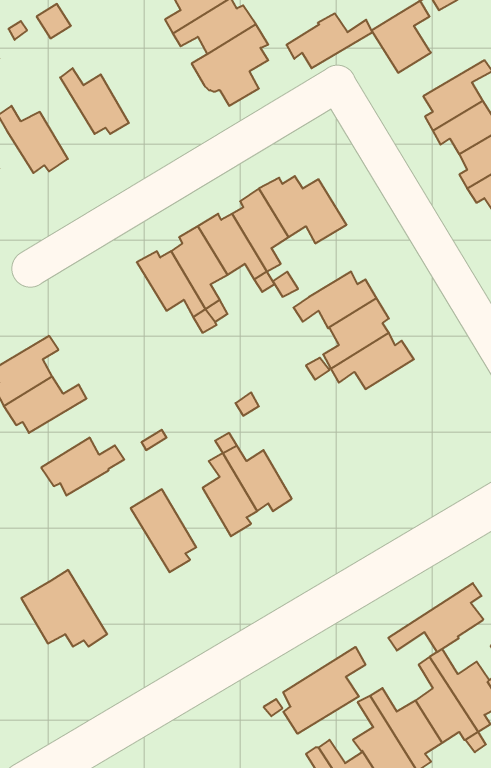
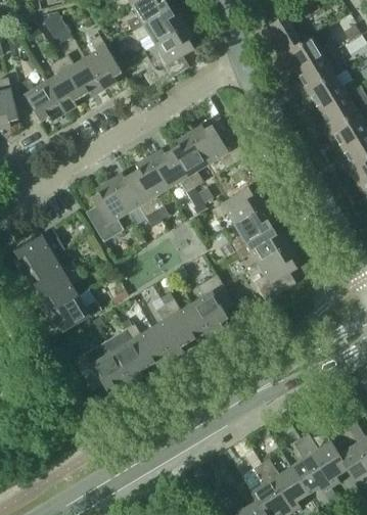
building: [286,14,373,68] -> [280,37,336,73]
building: none -> [86,36,123,90]
building: none -> [46,60,82,113]
building: none -> [86,181,129,242]
building: none -> [255,244,299,301]
building: none -> [39,270,82,315]
building: none -> [192,275,234,335]
building: none -> [126,324,171,367]
building: [21,570,107,647] -> [75,341,131,391]
building: [388,583,483,652] -> none
building: [283,647,365,734] -> none

